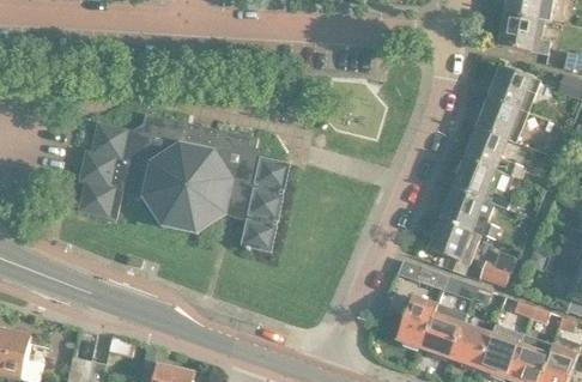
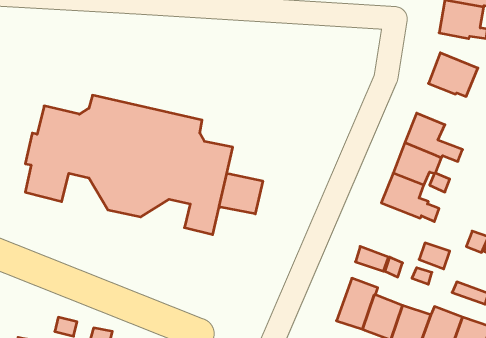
building: [475,98,526,144] -> none
building: none -> [219,173,263,214]
building: [428,219,479,266] -> none

